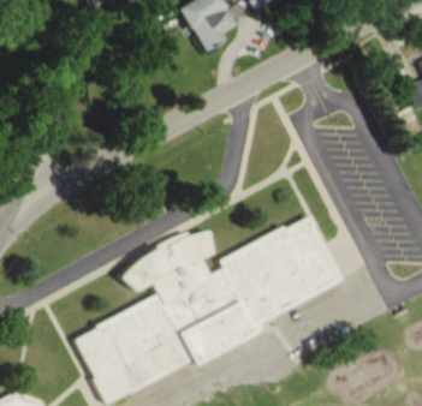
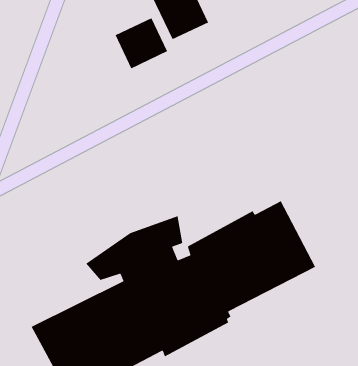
building: none -> [114,17,168,69]

